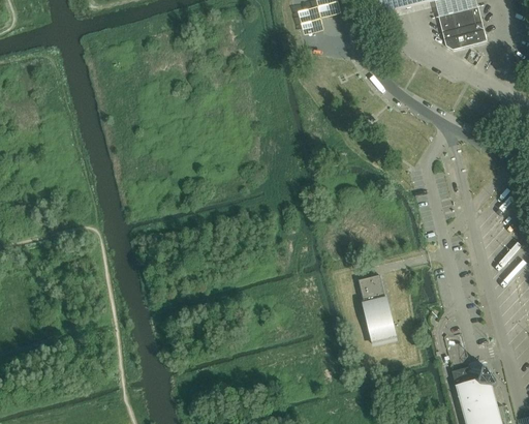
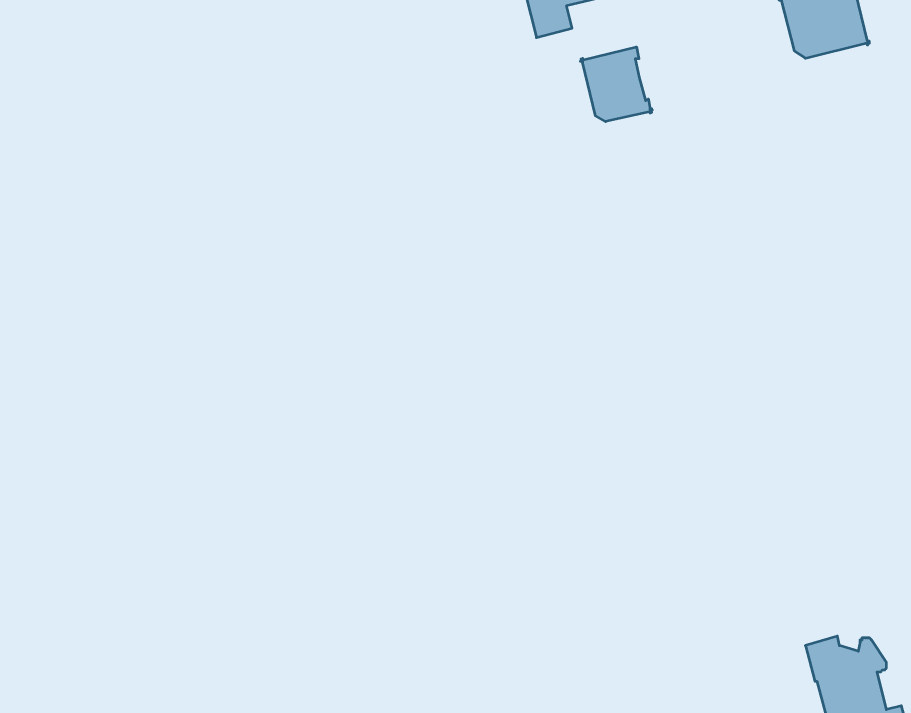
building: none -> [580,47,652,122]
building: [357,275,395,345] -> none

